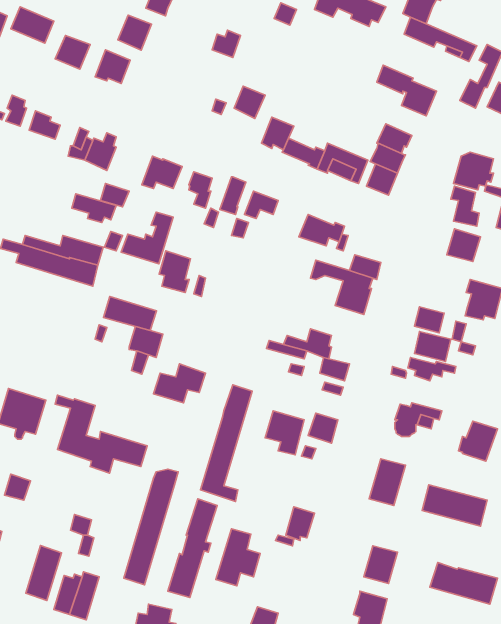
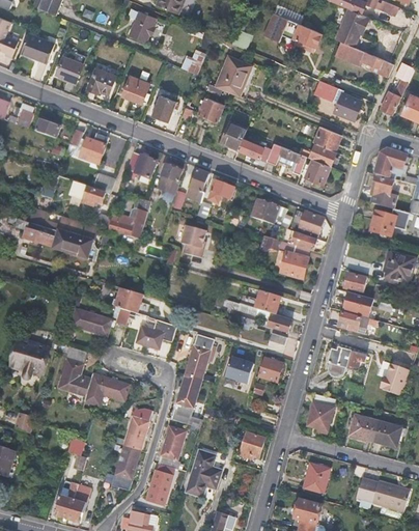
building: [118,15,152,50] -> [122,76,149,104]
building: none -> [206,54,252,95]
building: none -> [152,95,176,122]
building: none -> [291,211,324,235]
building: [159,251,190,292] -> [181,224,206,257]
building: [103,297,157,330] -> [71,309,113,336]
building: [26,546,62,600] -> none

